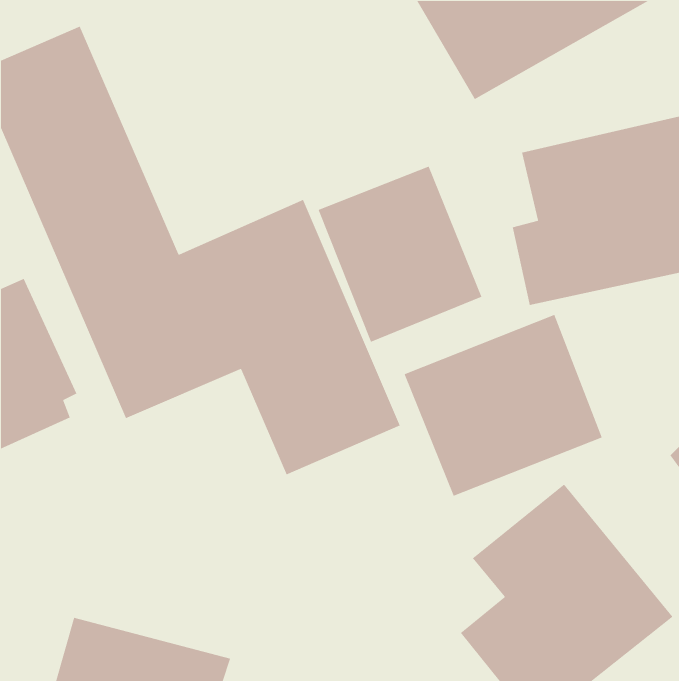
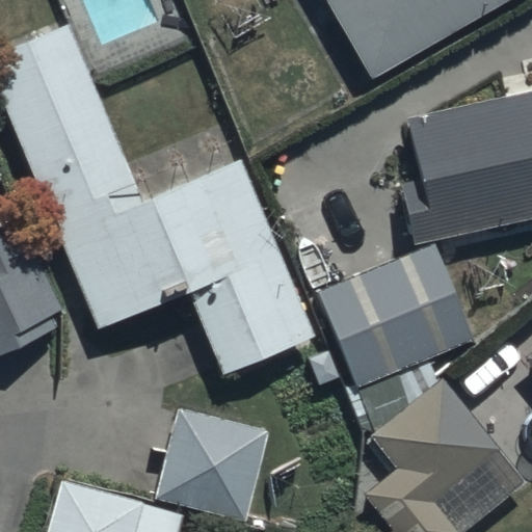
building: [318,166,482,343] -> none
building: none -> [155,407,270,522]

